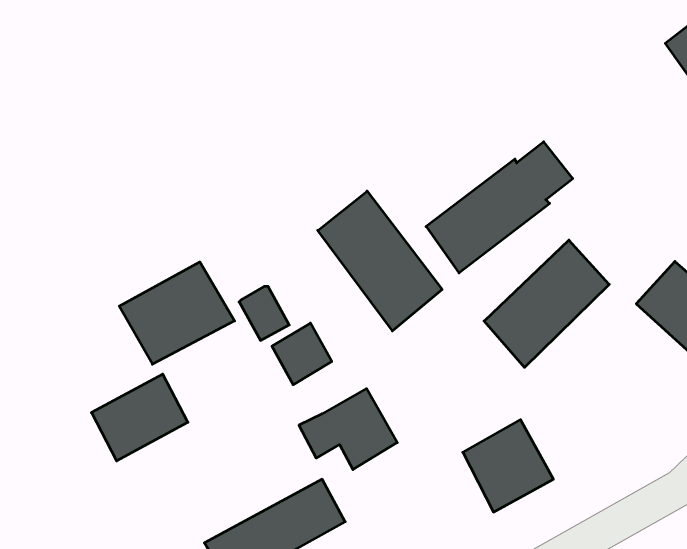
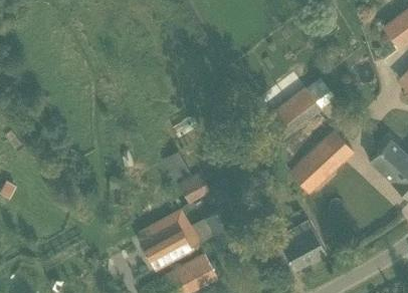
building: [318,191,442,331] -> none
building: [119,262,235,364] -> none
building: [91,374,188,461] -> [139,223,189,268]

